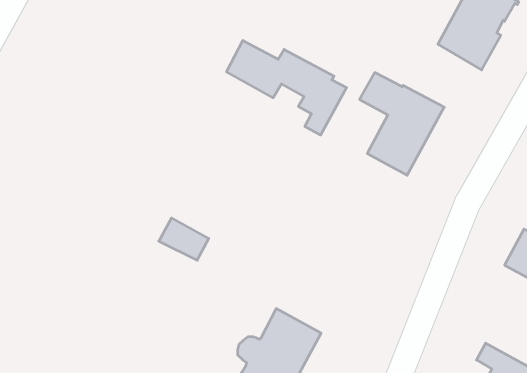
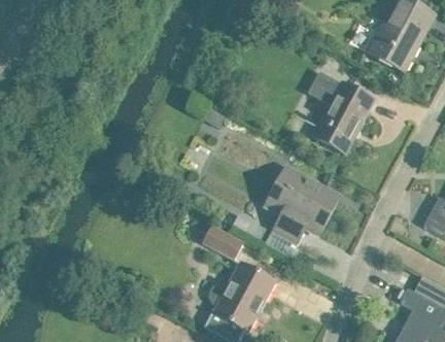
building: [227,40,347,135] -> none
building: none -> [268,169,336,245]
building: [159,218,209,260] -> [201,225,241,259]

